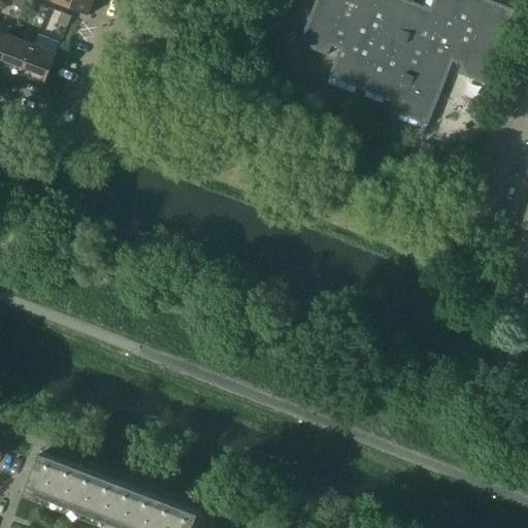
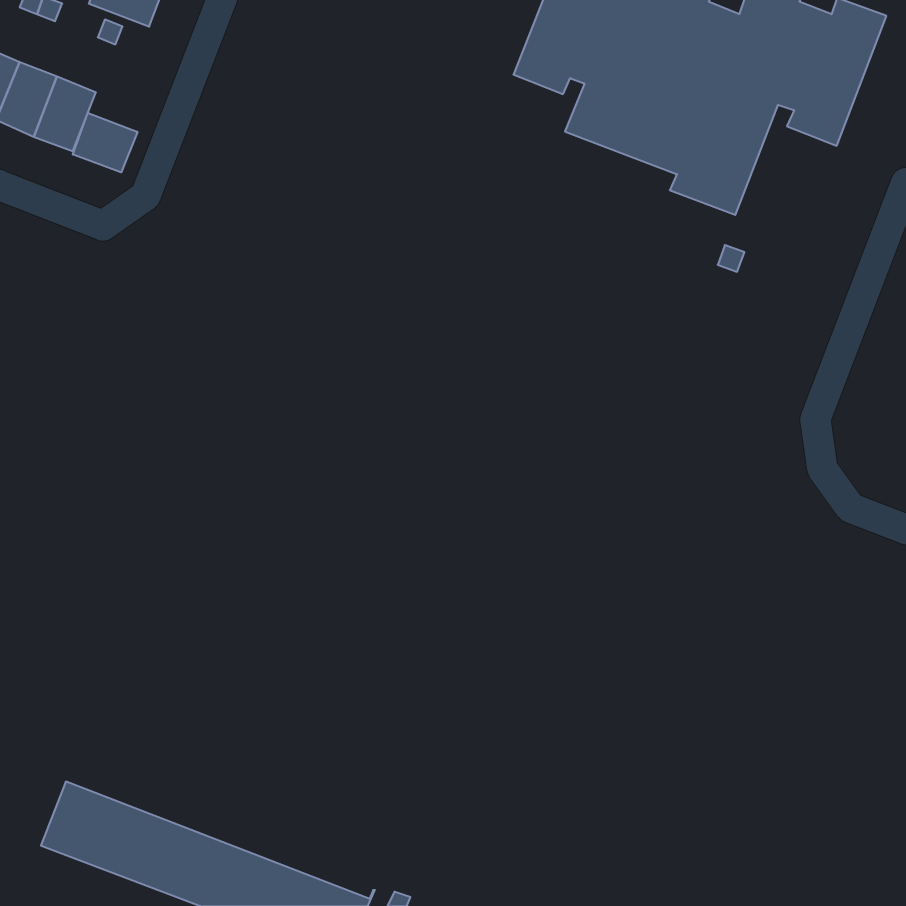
building: none -> [73,113,137,172]

